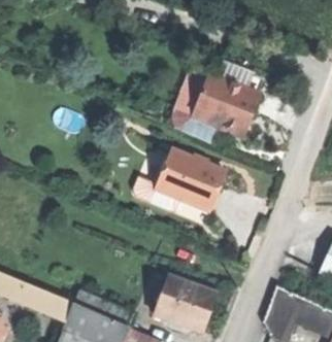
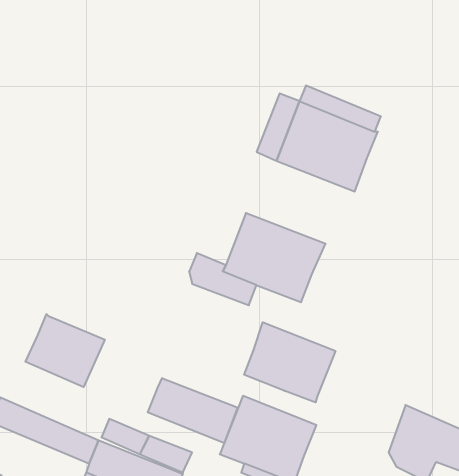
building: none -> [25,314,105,387]
building: none -> [244,322,335,402]
building: none -> [148,378,237,443]

